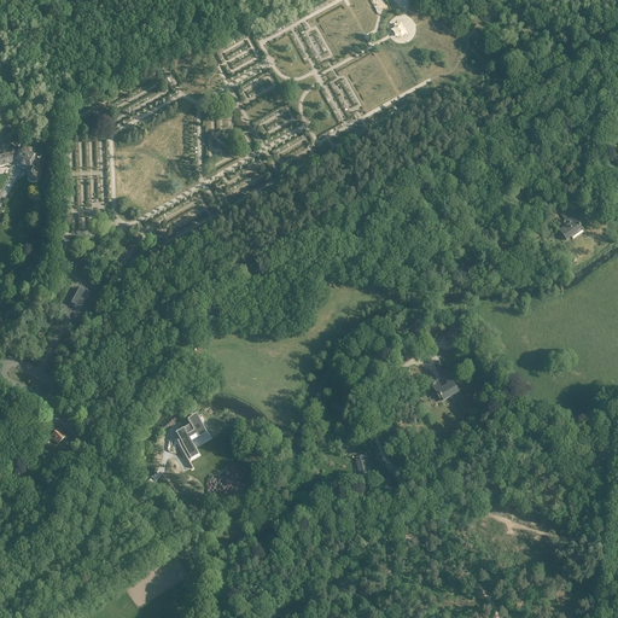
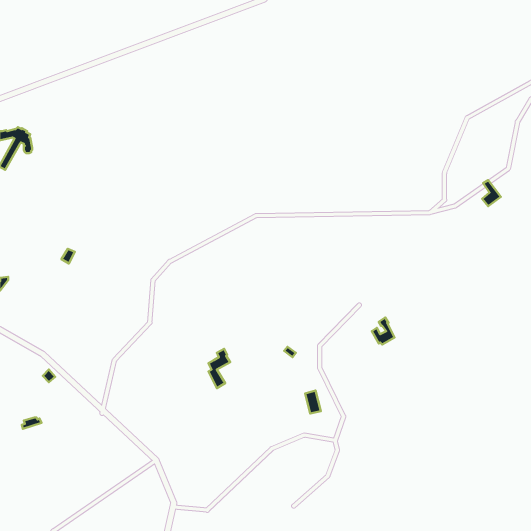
building: [176,414,202,460] -> [208,349,230,388]

